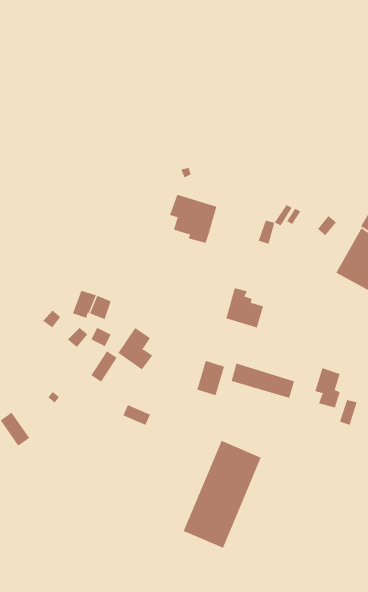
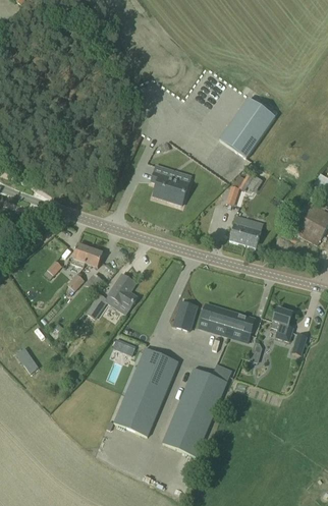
building: none -> [218,98,274,158]
building: [226,288,264,328] -> [229,215,261,248]
building: none -> [113,347,178,437]

